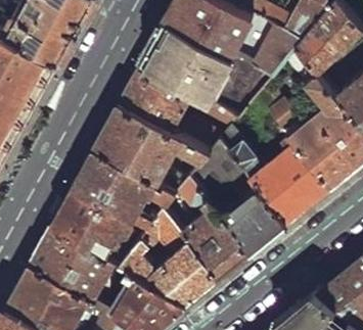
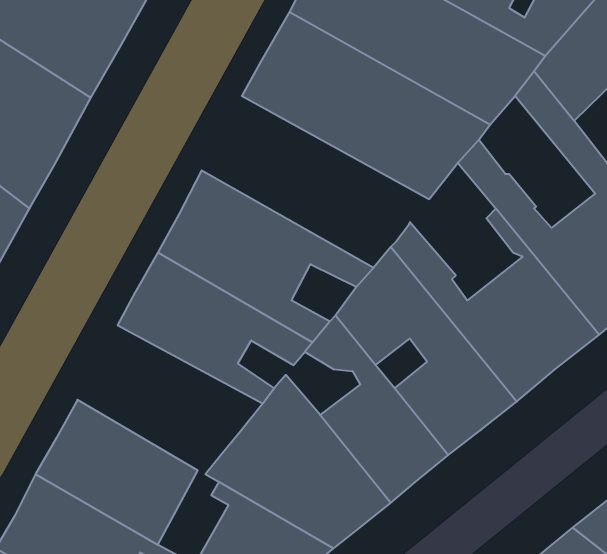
building: [120,59,241,151] -> none
building: [53,182,152,262] -> none

